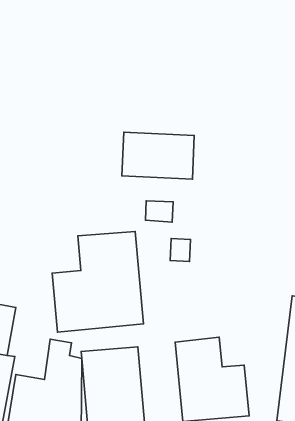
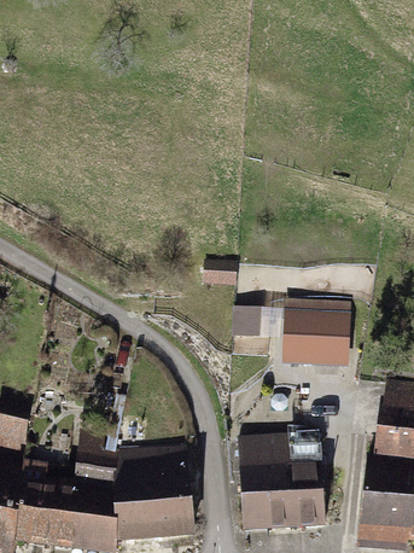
building: [122,132,194,179] -> none
building: [52,231,143,332] -> none
building: none -> [281,301,351,365]

